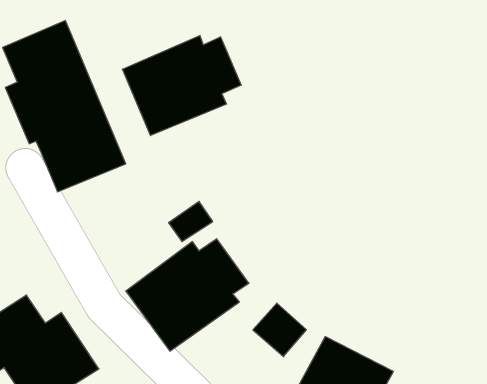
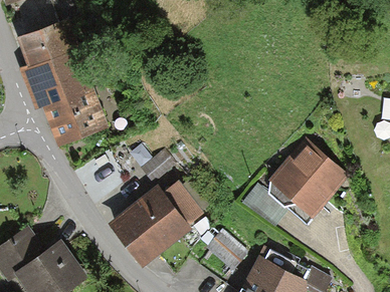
building: [123,35,241,136] -> none
building: none -> [267,141,347,228]

